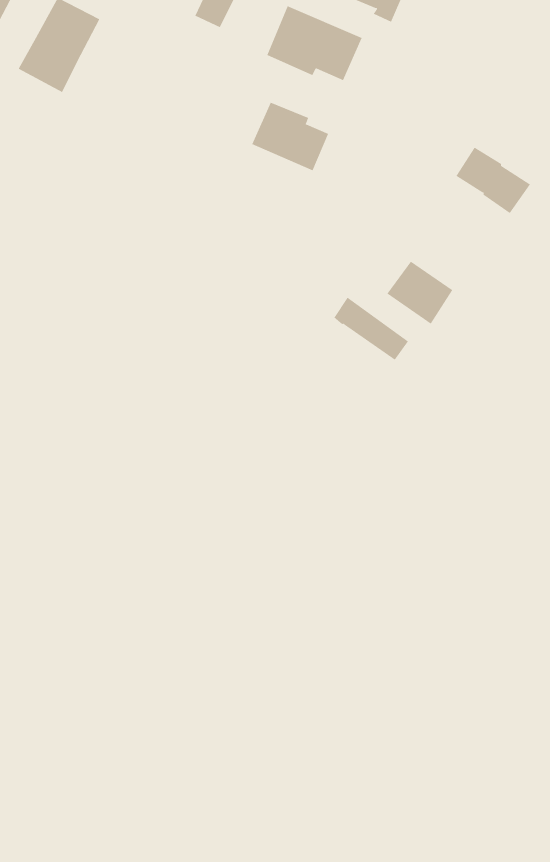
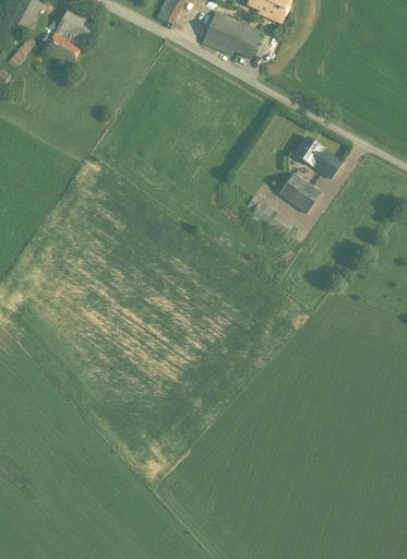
building: [251,102,329,171] -> none
building: [455,147,531,214] -> [295,136,343,179]

